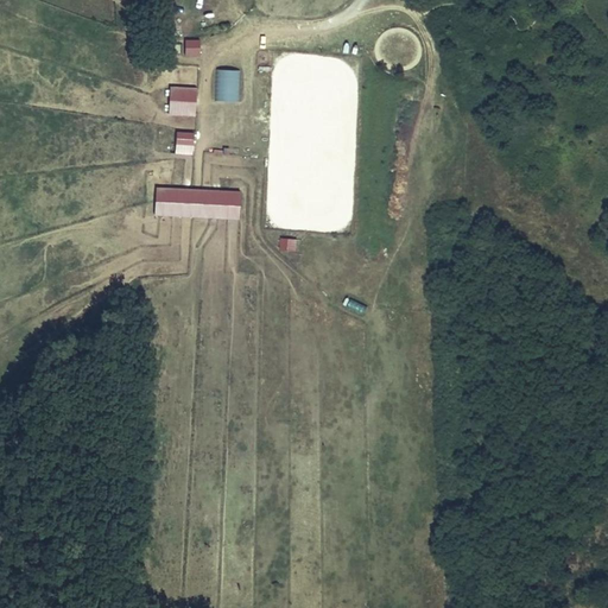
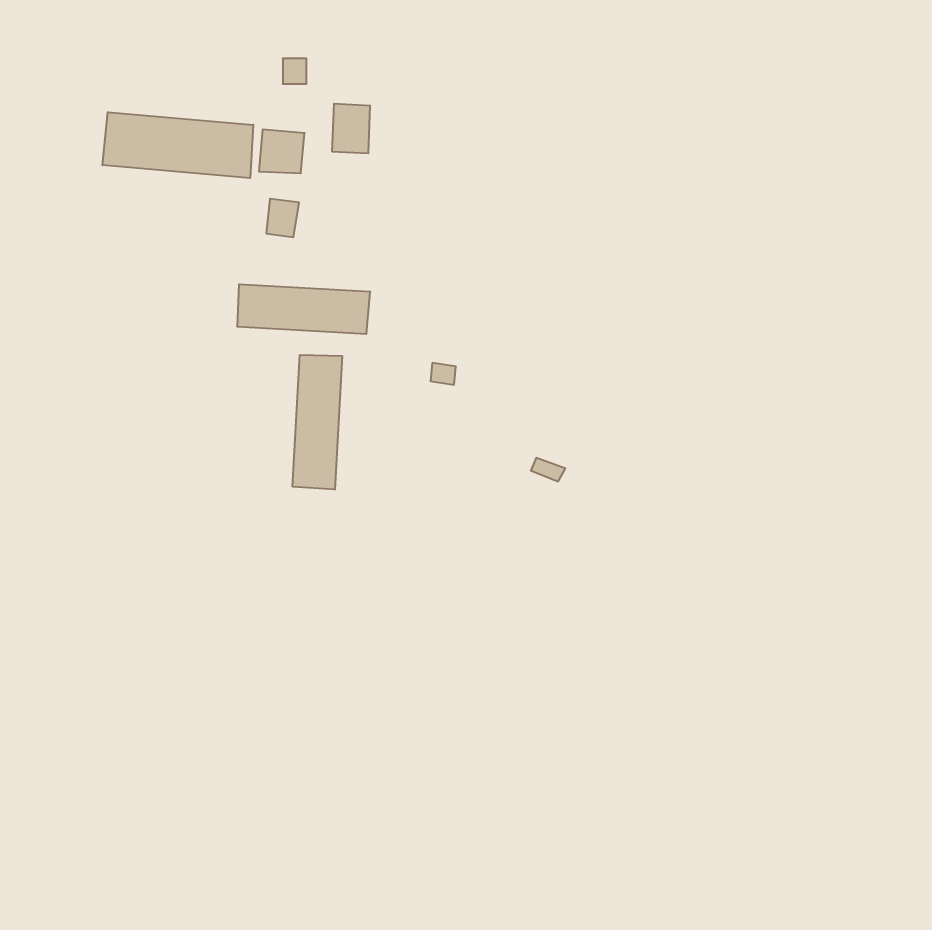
building: none -> [103,112,253,178]
building: none -> [293,355,342,490]

